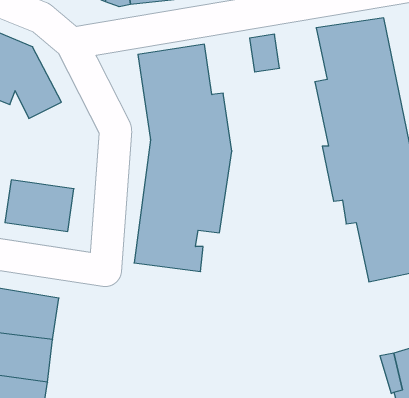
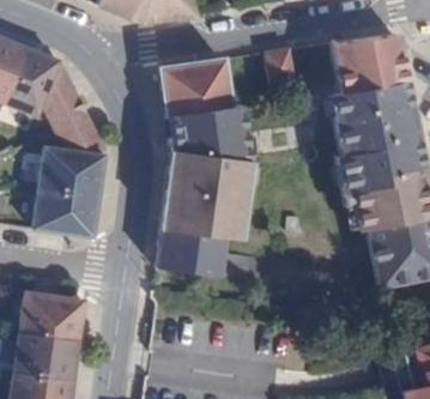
building: none -> [40,114,105,197]

